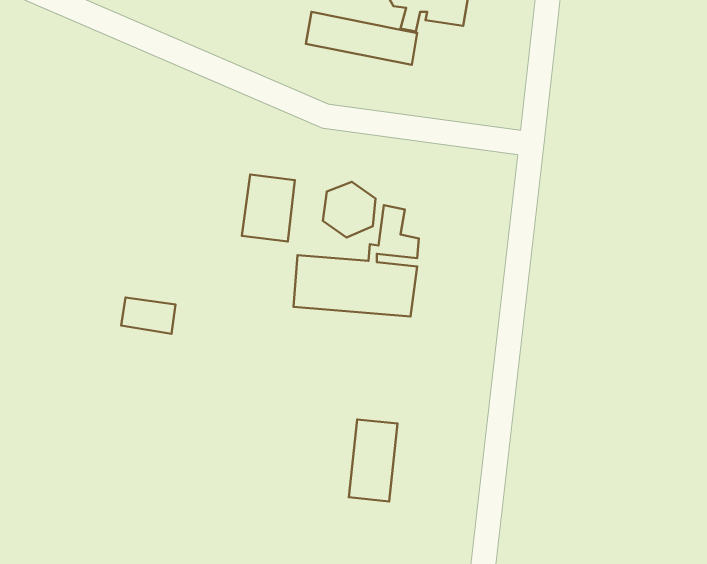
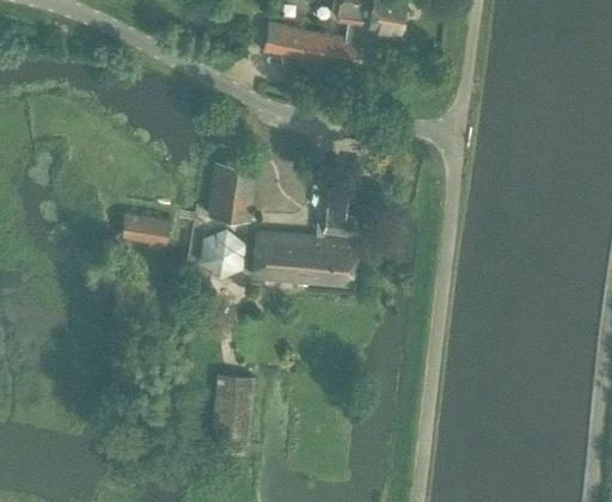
building: [323,182,376,237] -> [200,228,245,276]
building: [121,298,176,334] -> [121,213,167,244]
building: [349,419,397,501] -> [212,374,253,445]

